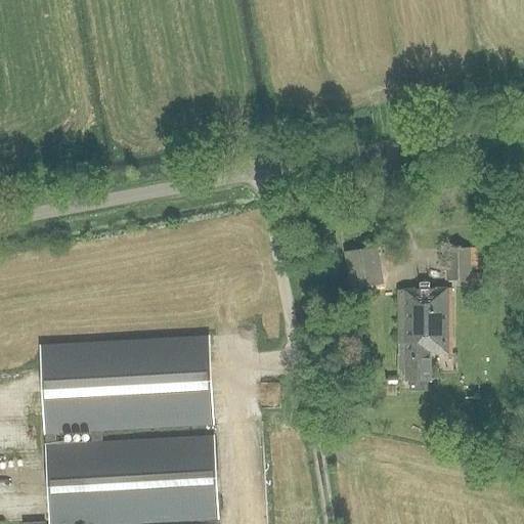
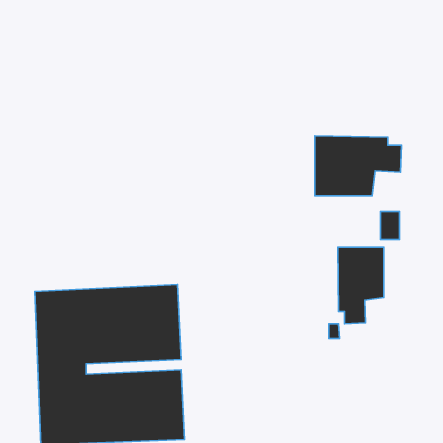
building: none -> [315,136,402,196]
building: [343,249,382,291] -> none

